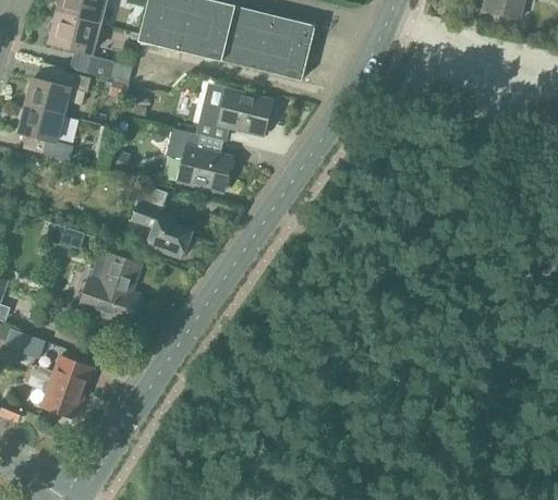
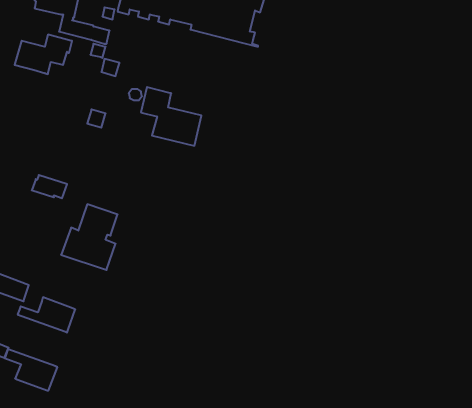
building: [197,89,271,139] -> none
building: [22,102,73,157] -> none
building: [134,182,191,257] -> none
building: [29,371,86,416] -> [5,349,57,391]

